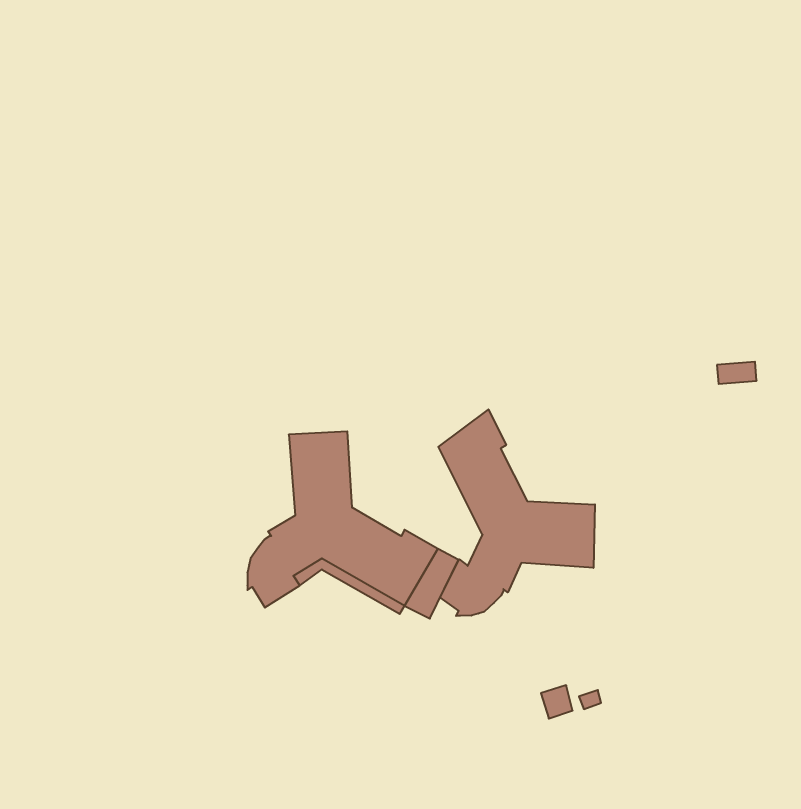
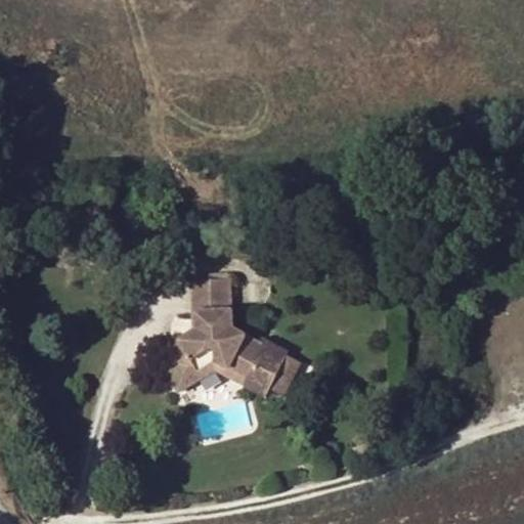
building: [438,409,595,616] -> none

